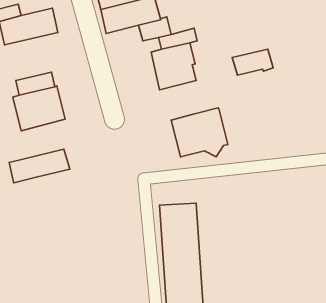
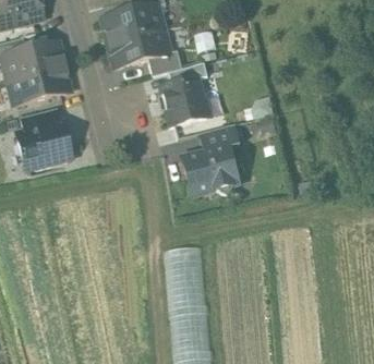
building: none -> [7,65,69,104]
building: [232,49,273,75] -> [197,123,240,150]
building: [9,149,70,183] -> none

